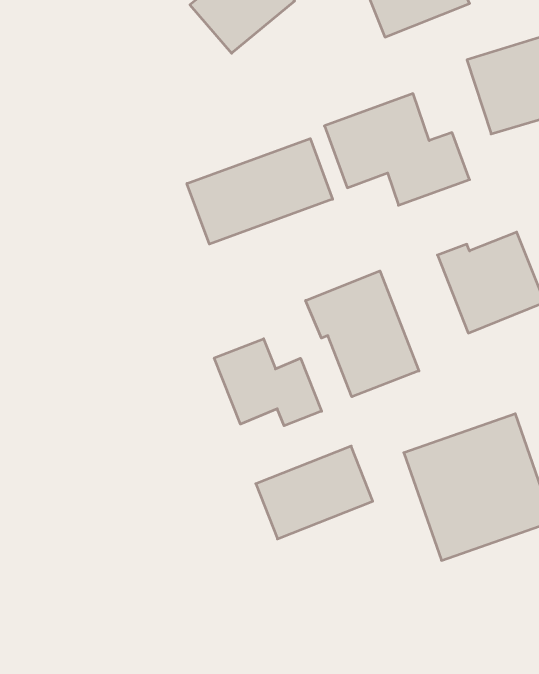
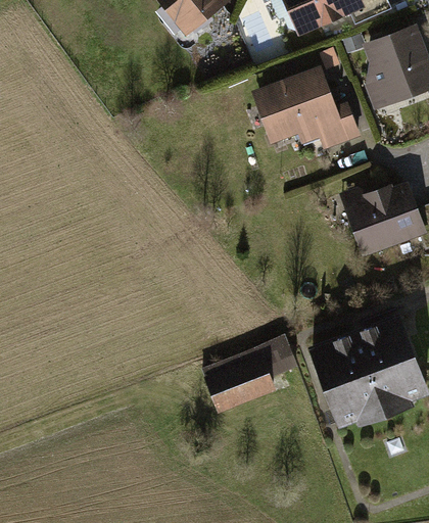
building: [187,139,333,244] -> none
building: [306,271,419,397] -> none
building: [214,339,322,426] -> none

